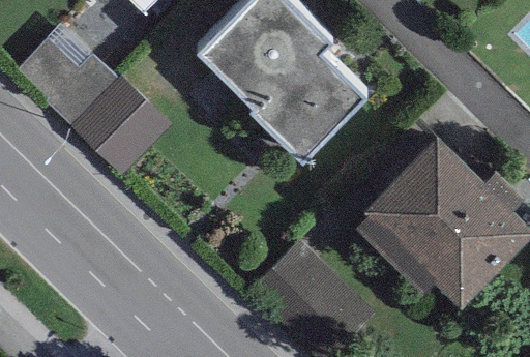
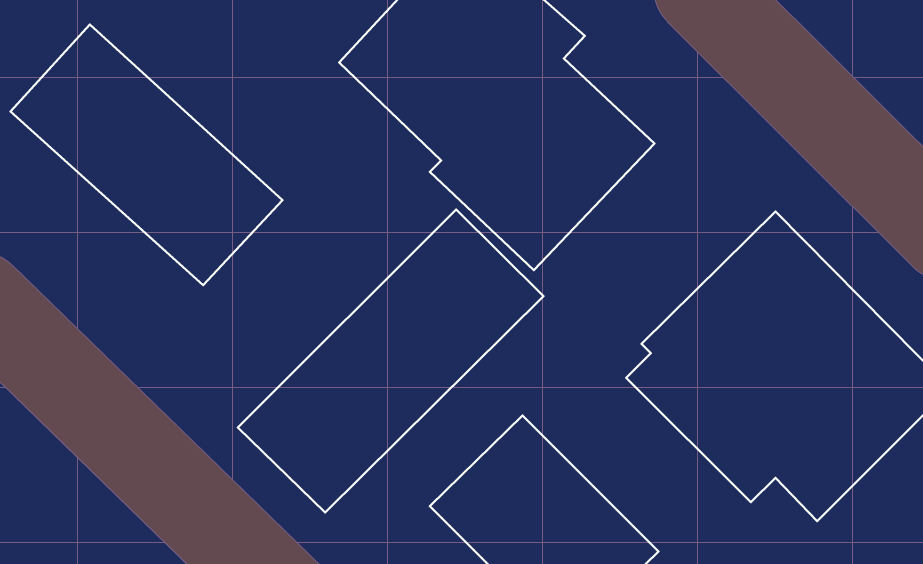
building: none -> [238,209,543,512]

